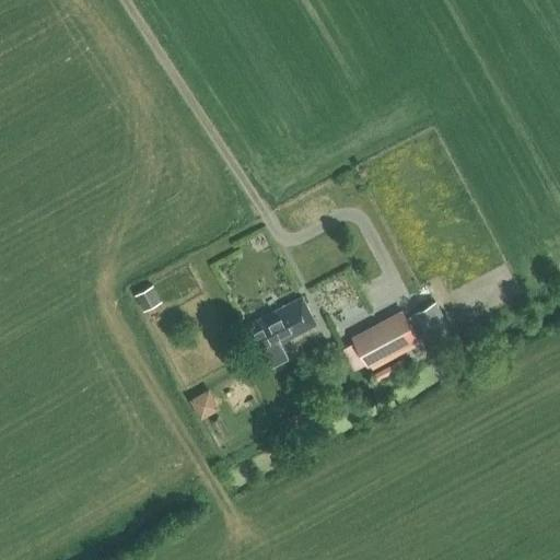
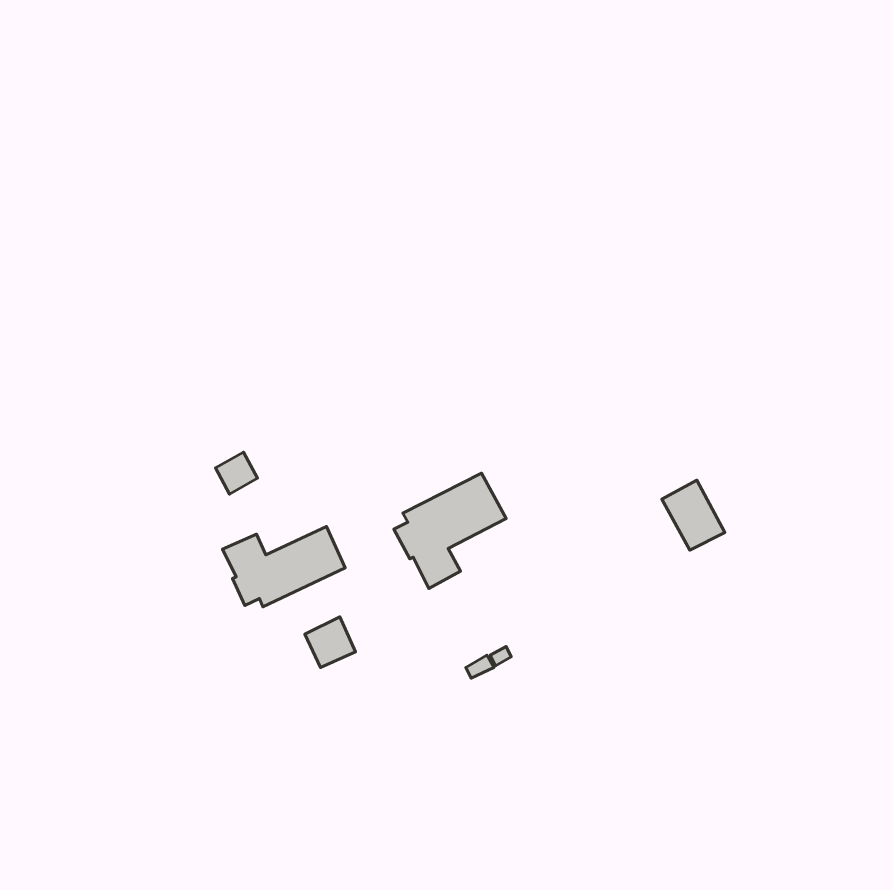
building: [351,313,417,369] -> none
building: none -> [223,527,345,607]

